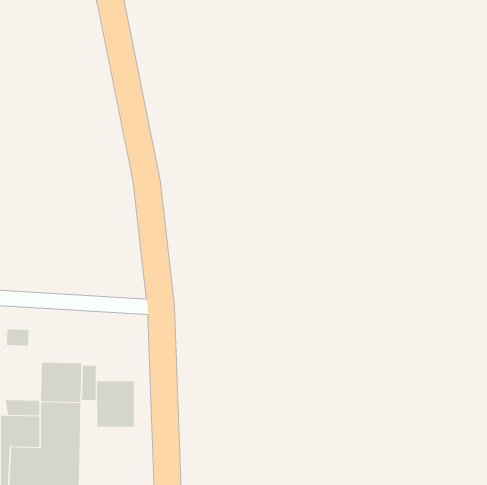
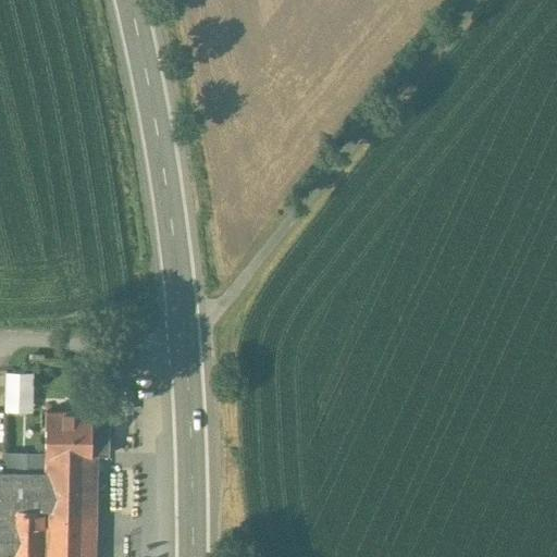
building: [97,380,134,427] -> none

